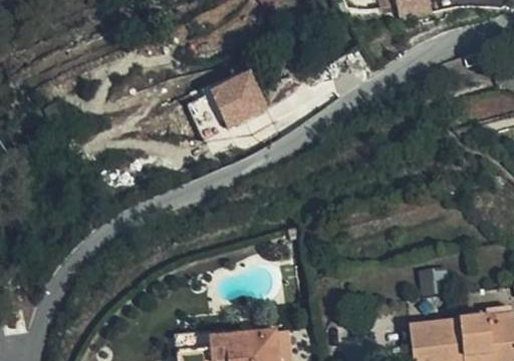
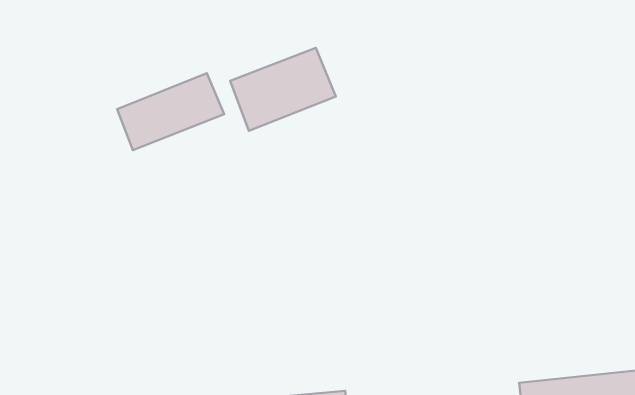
building: none -> [117,73,224,150]

